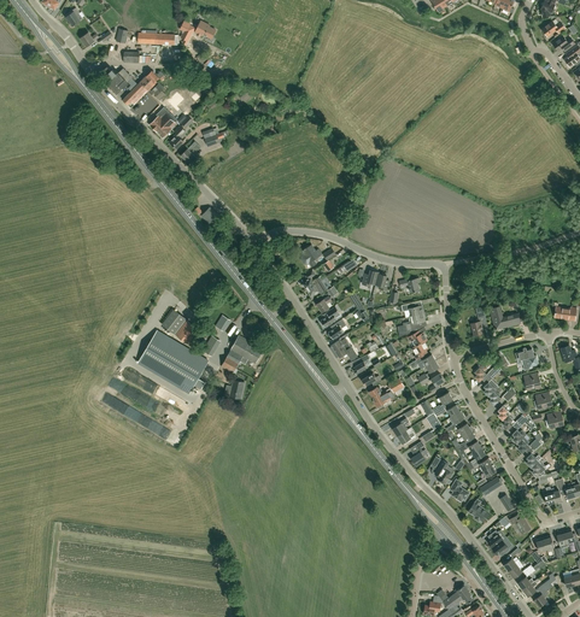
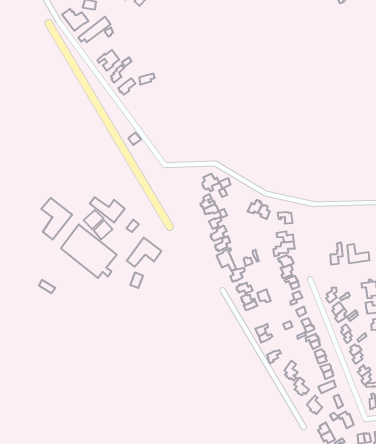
building: none -> [90,197,125,223]
building: none -> [41,198,72,240]

